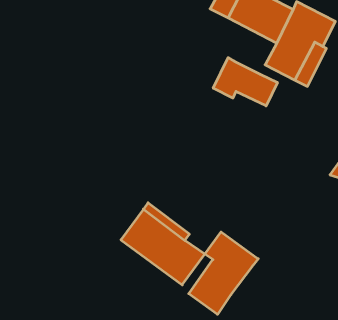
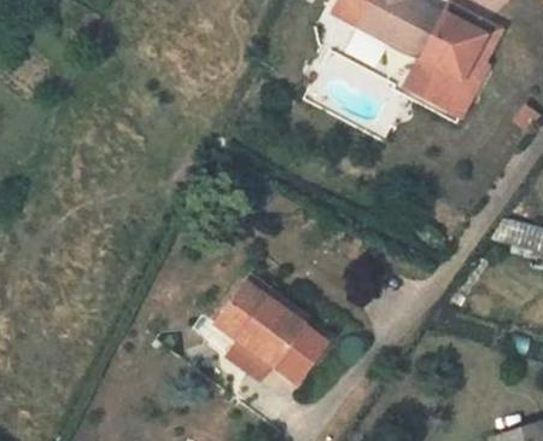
building: [213,58,277,106] -> none
building: [189,232,258,314] -> none

